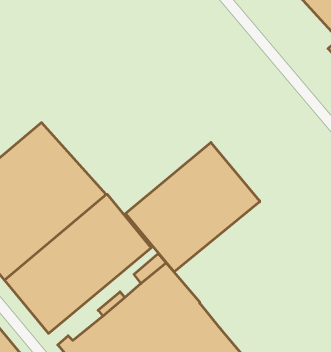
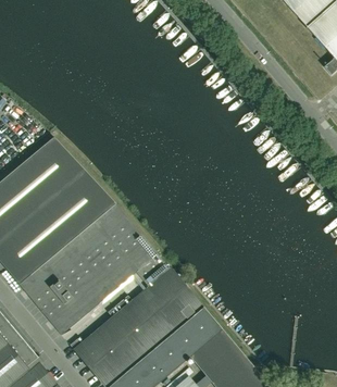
building: [125,142,260,272] -> none

